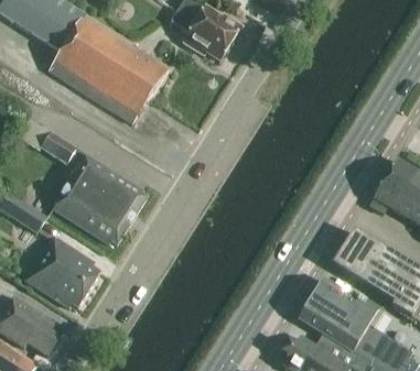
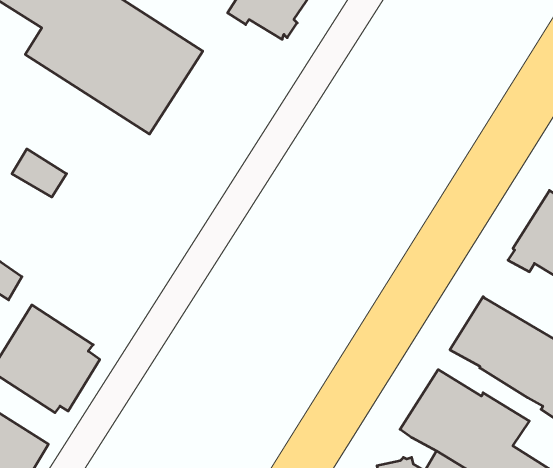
building: [53,154,147,243] -> none

